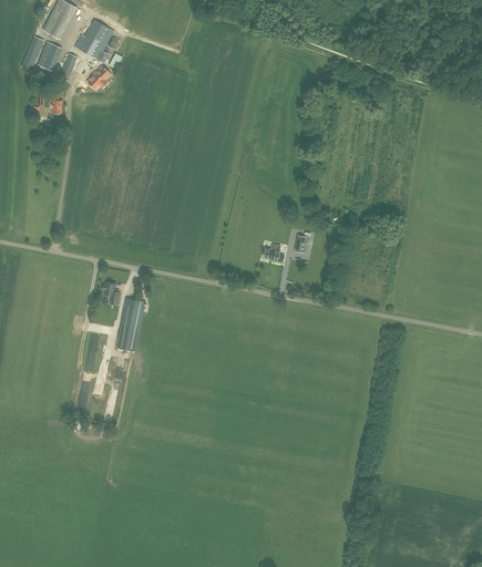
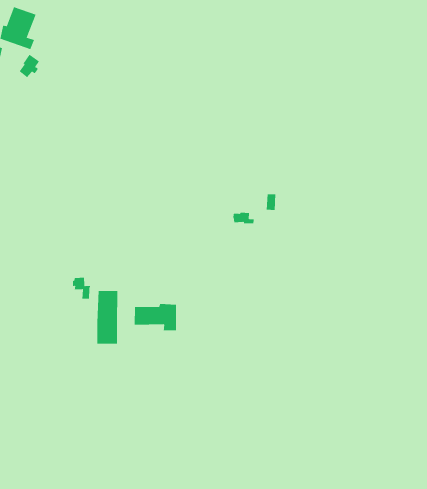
building: none -> [134,303,177,331]

